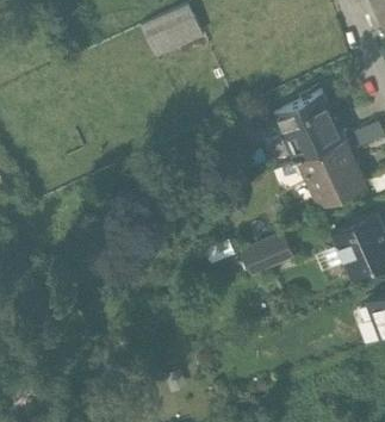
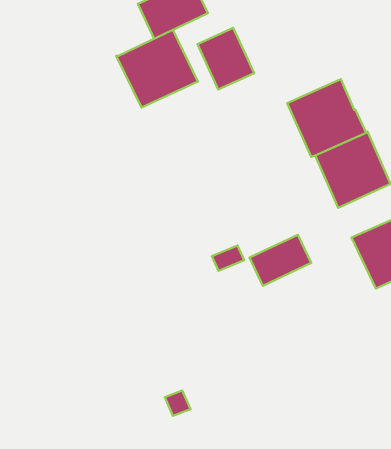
building: none -> [197,28,254,90]
building: none -> [116,30,198,107]

